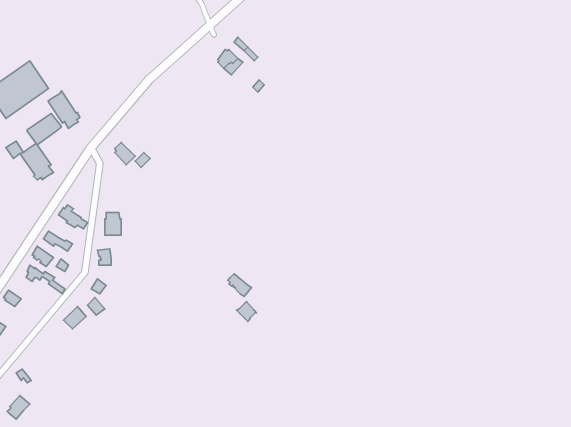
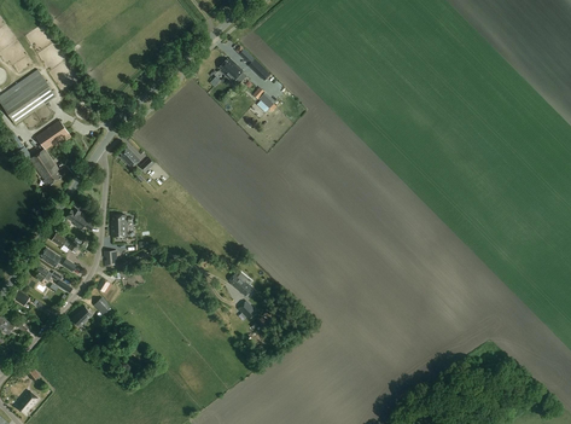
building: [48,91,80,128] -> none

